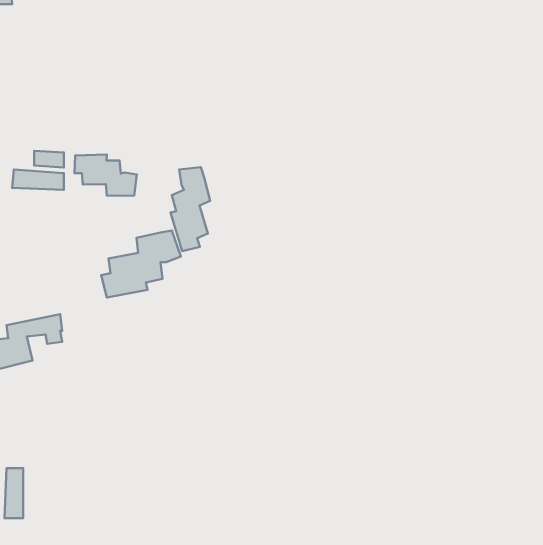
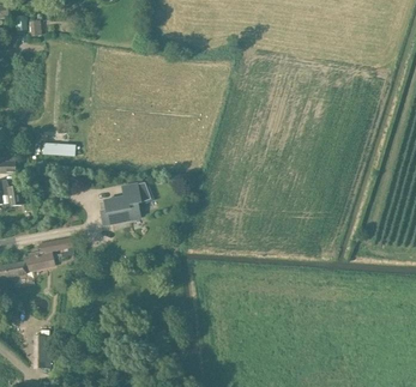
building: [75,155,137,196] -> none
building: [170,167,210,251] -> none

